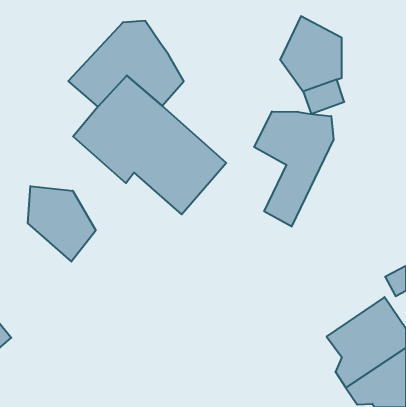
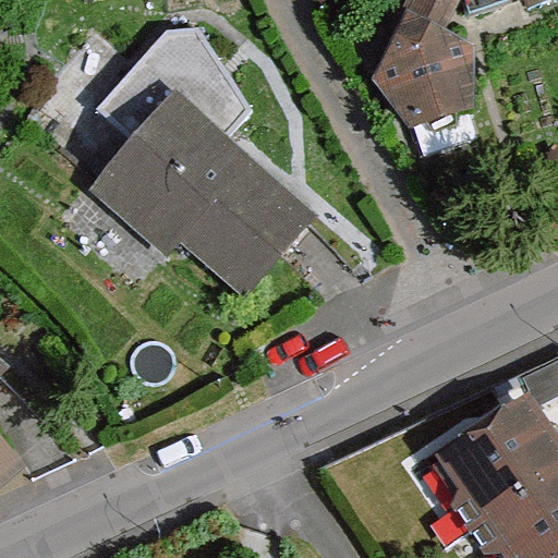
building: [254,111,334,227] -> none
building: [28,186,96,262] -> none

